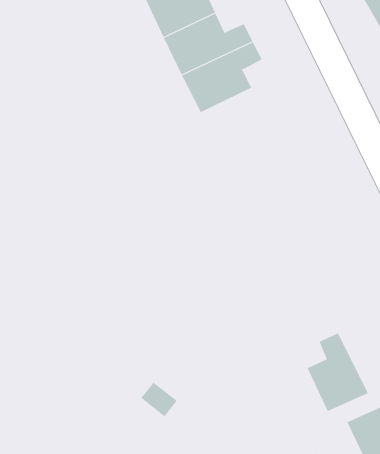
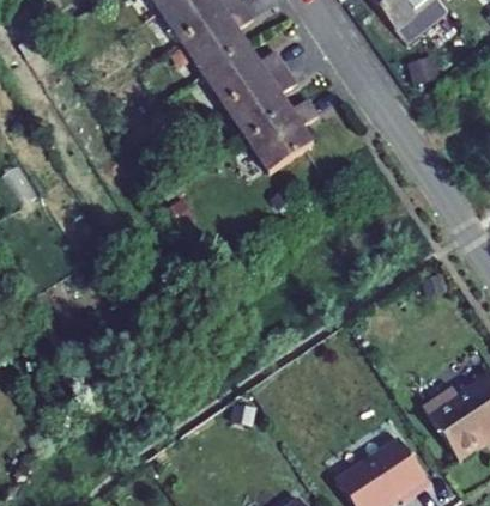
building: none -> [247,98,319,172]
building: [307,332,368,412] -> none

